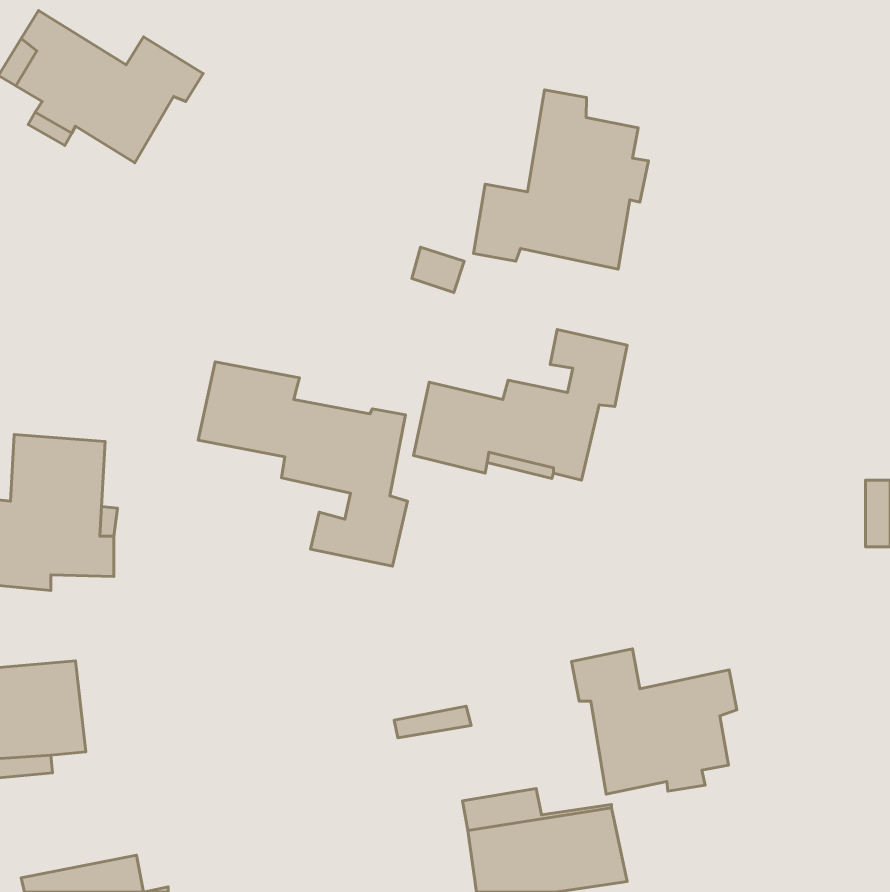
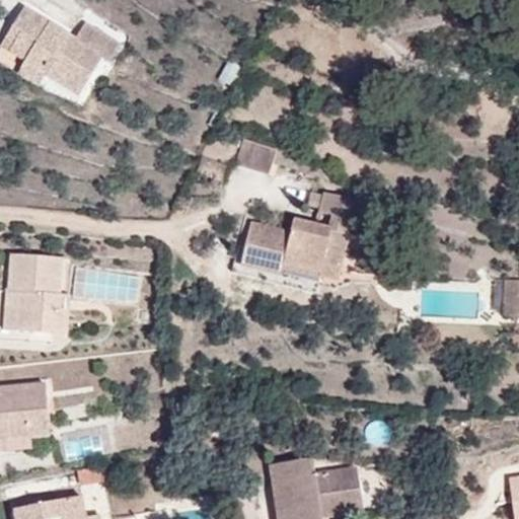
building: [474,90,649,269] -> none
building: [198,362,407,566] -> none
building: [572,649,737,794] -> none

